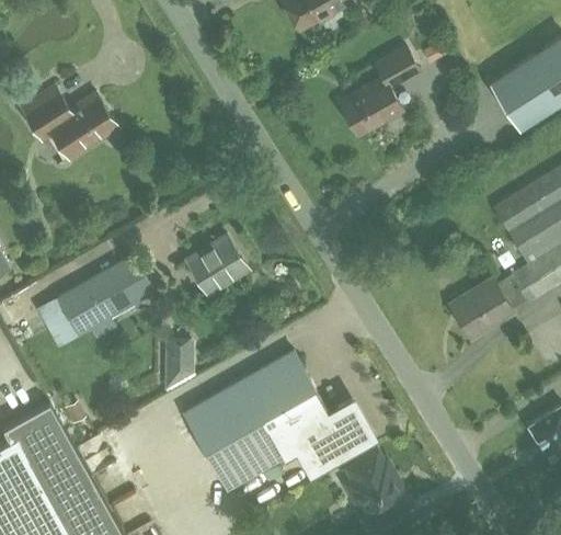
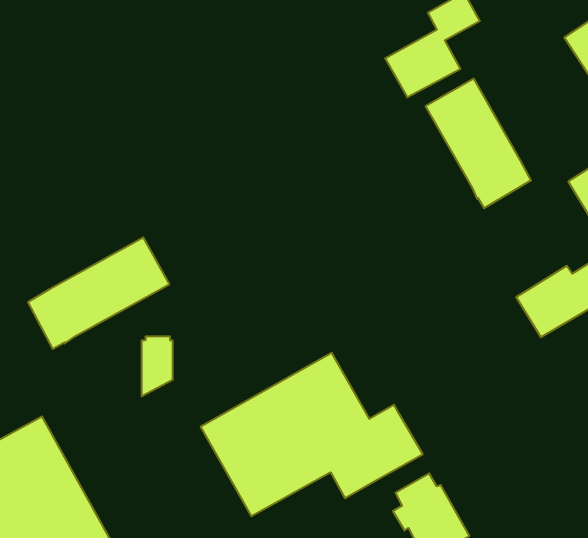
building: [22,89,118,161] -> none
building: none -> [426,79,531,208]
building: [185,236,249,297] -> none
building: [167,339,193,389] -> [142,337,173,396]

